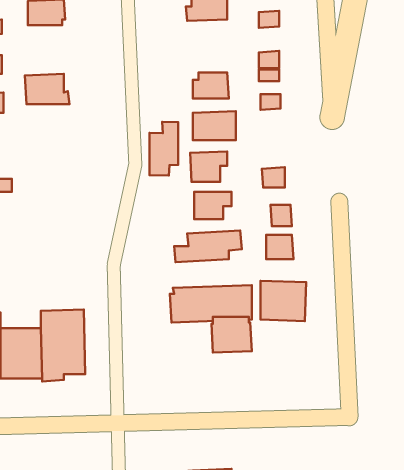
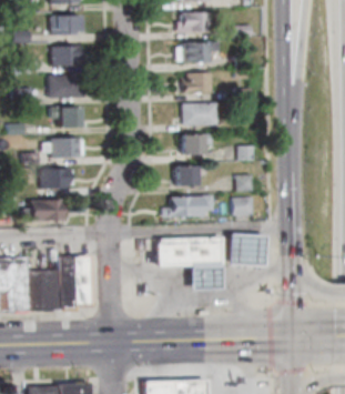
building: none -> [171,41,212,63]
building: none -> [50,46,83,65]
building: none -> [48,107,78,128]
building: [149,122,178,176] -> none
building: none -> [49,139,78,159]
building: none -> [48,171,80,191]
building: none -> [37,200,72,221]

